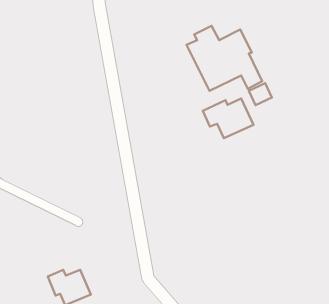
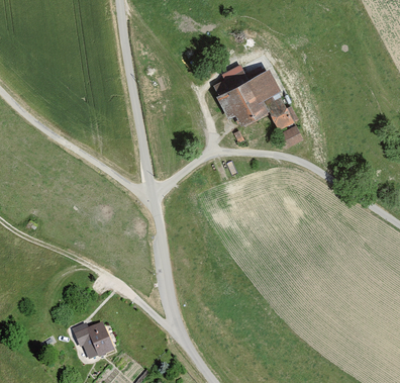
building: [203,99,253,138] -> none

